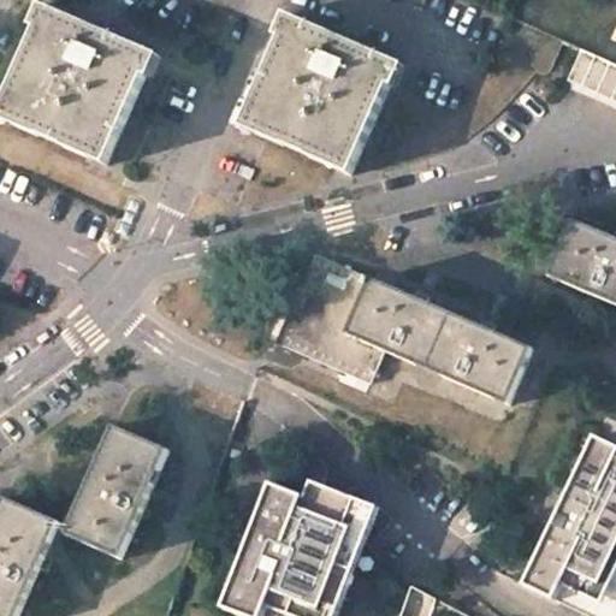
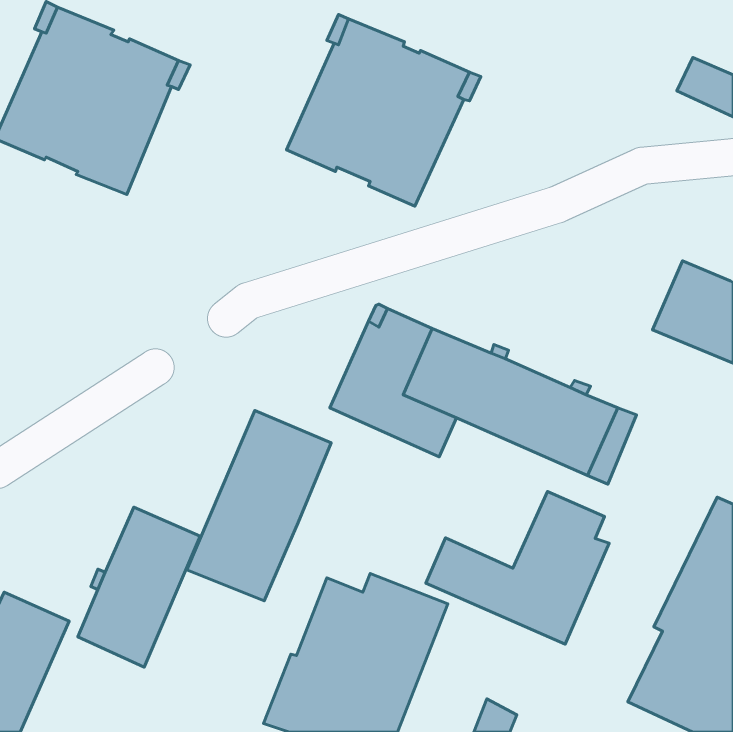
building: none -> [187,411,331,601]
building: none -> [426,492,609,644]

